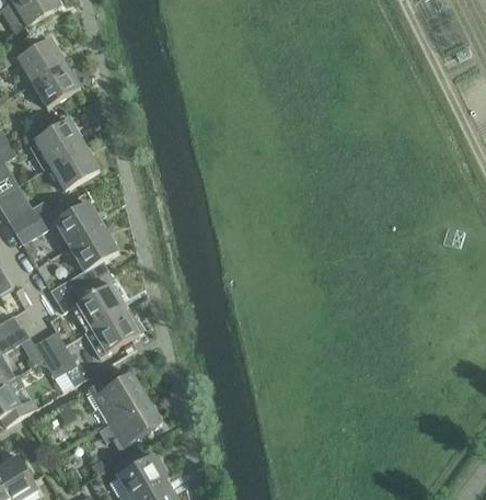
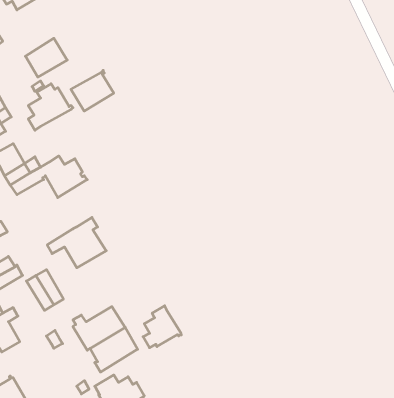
building: [16,38,65,83] -> none
building: [49,143,99,190] -> [71,70,114,111]
building: [49,226,117,302] -> none
building: [84,308,139,357] -> none
building: none -> [143,306,181,348]

